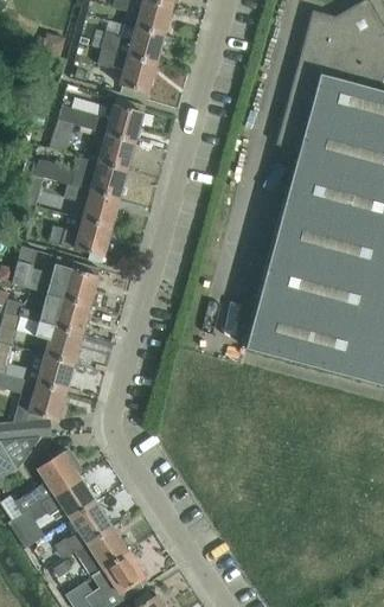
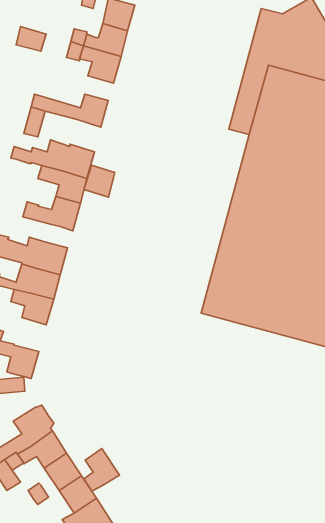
building: [100,133,134,168] -> [84,165,115,197]
building: [38,352,73,390] -> none
building: none -> [84,449,120,491]

